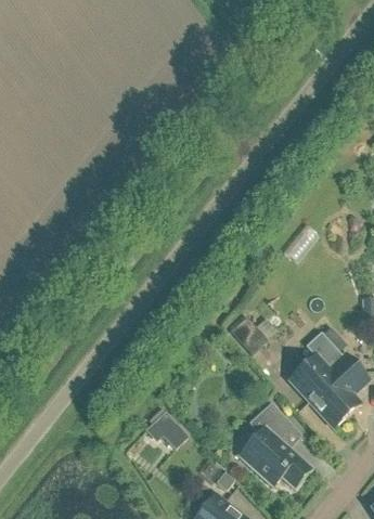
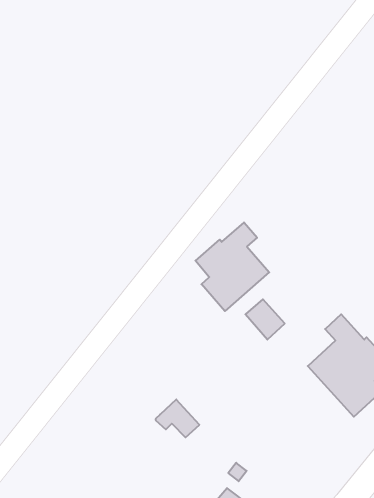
building: none -> [195,222,269,311]
building: [238,402,311,486] -> none

